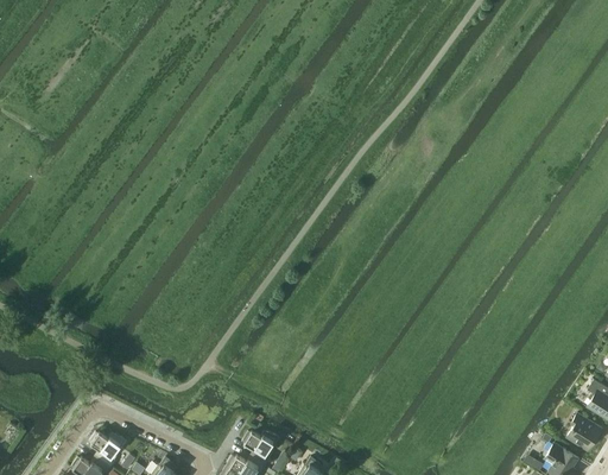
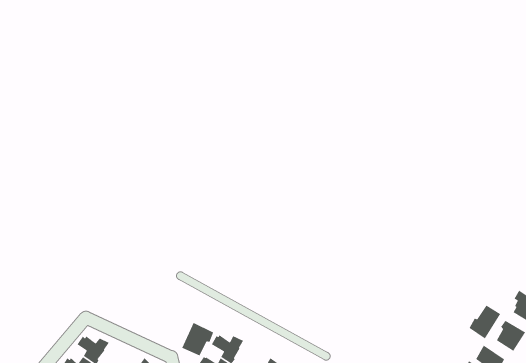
building: none -> [468,305,501,339]
building: none -> [181,322,214,356]

